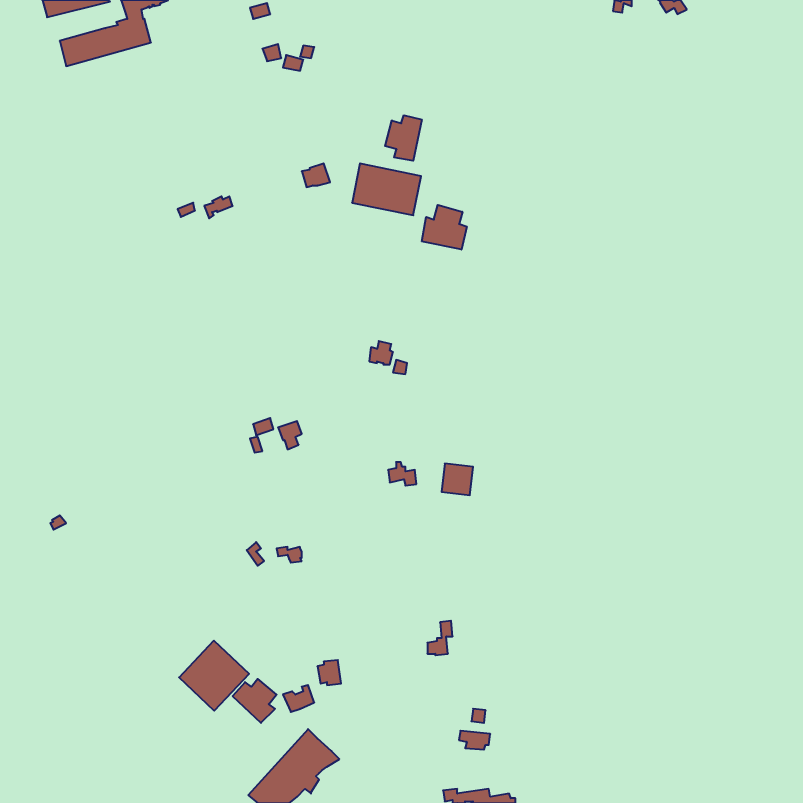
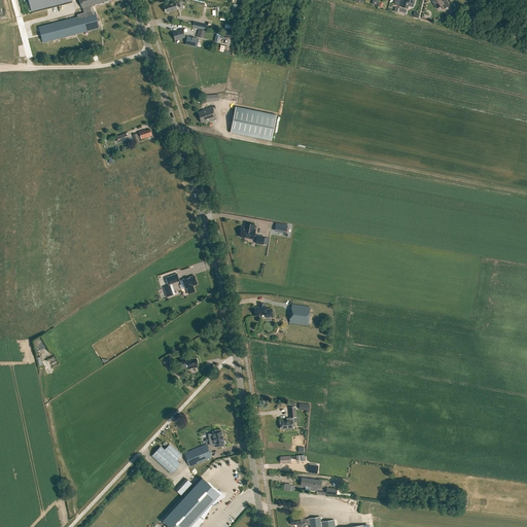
building: [385,115,422,161] -> none
building: [422,205,467,250] -> none
building: [179,641,249,711] -> none

